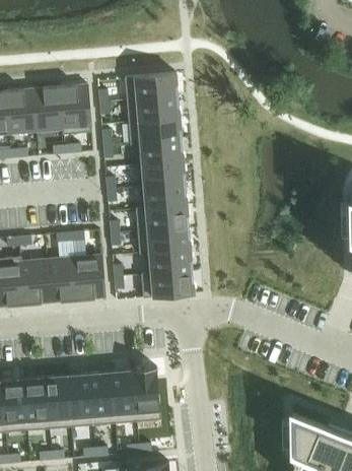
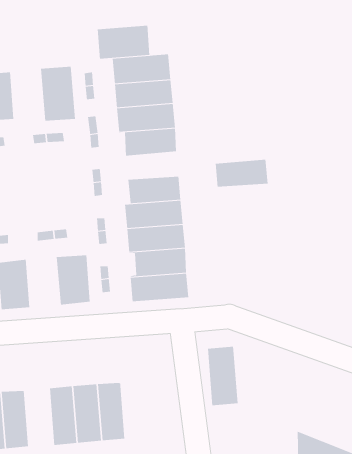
building: none -> [97,25,150,59]
building: [32,86,63,134] -> none
building: [136,161,185,187] -> [215,159,269,187]
building: [47,257,77,302] -> none
building: [132,367,160,421] -> [207,346,238,406]
building: [45,376,71,428] -> none

